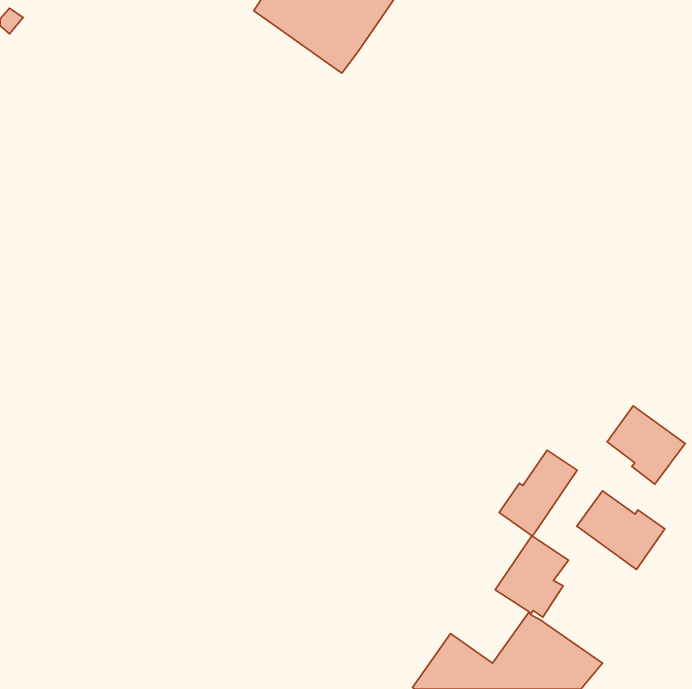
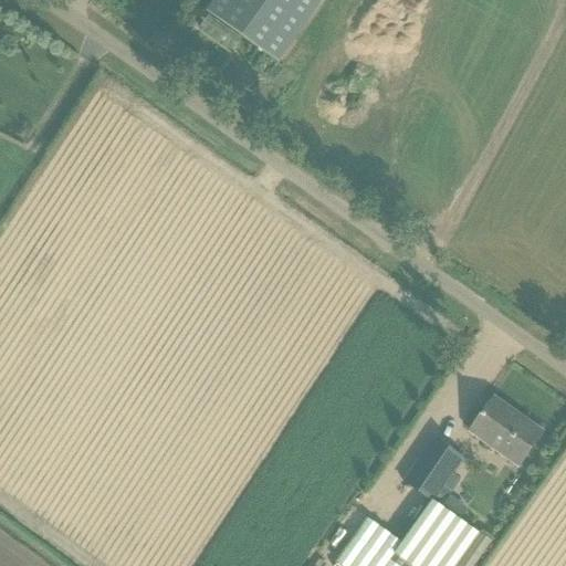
building: [607,406,685,484] -> none
building: [499,450,577,536] -> none

